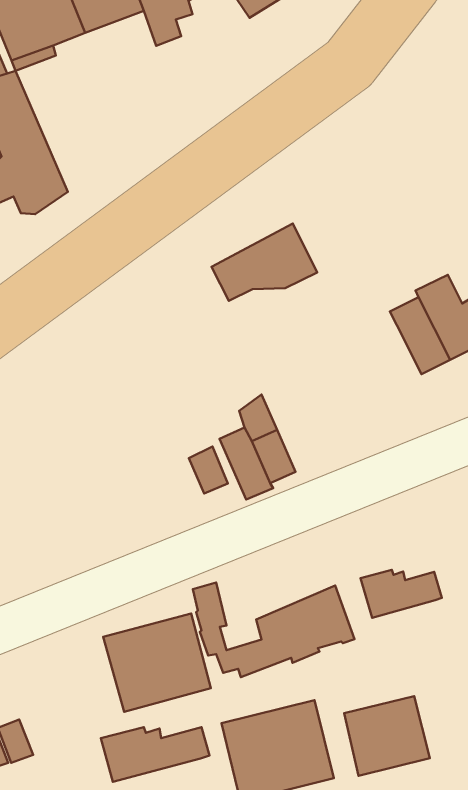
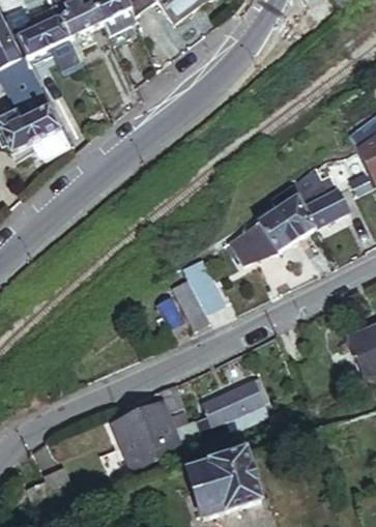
building: [211,223,317,301] -> [231,209,298,261]
building: [361,570,442,618] -> none
building: [344,696,430,776] -> none
building: [101,727,209,782] -> none

